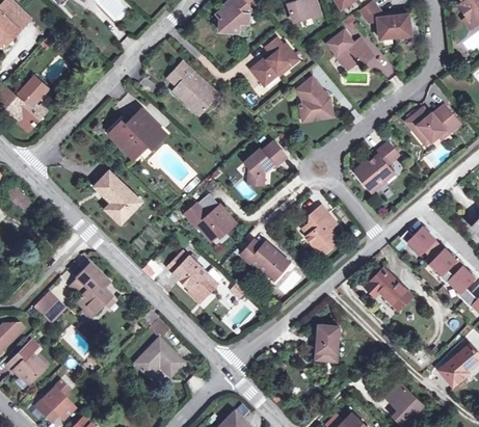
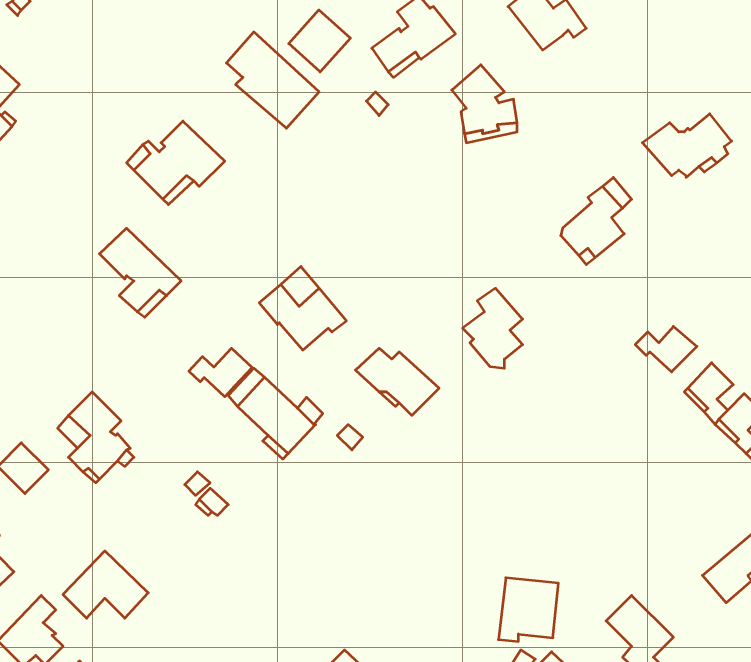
building: none -> [289,10,350,72]
building: [245,141,286,184] -> none
building: none -> [189,348,252,397]
building: [365,266,411,309] -> none
building: [305,325,340,362] -> [498,578,558,641]
building: [134,338,183,376] -> [63,551,148,618]

